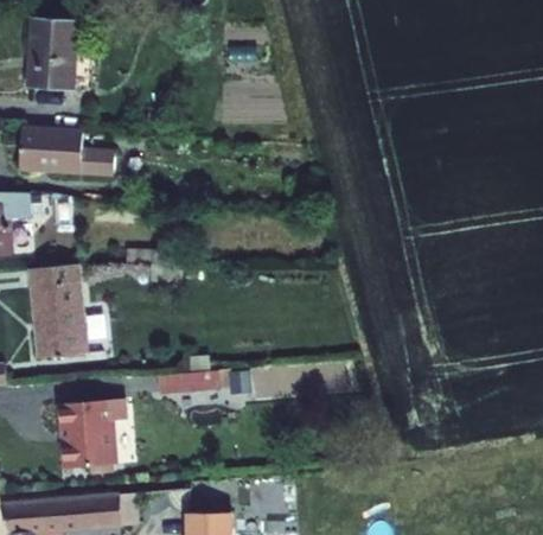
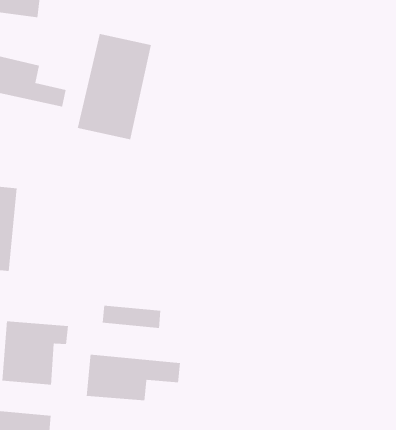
building: none -> [77,33,151,140]
building: none -> [86,354,181,401]

